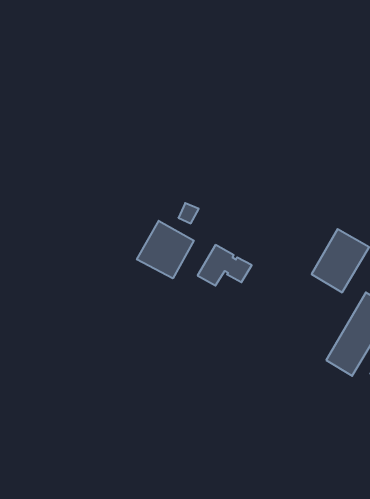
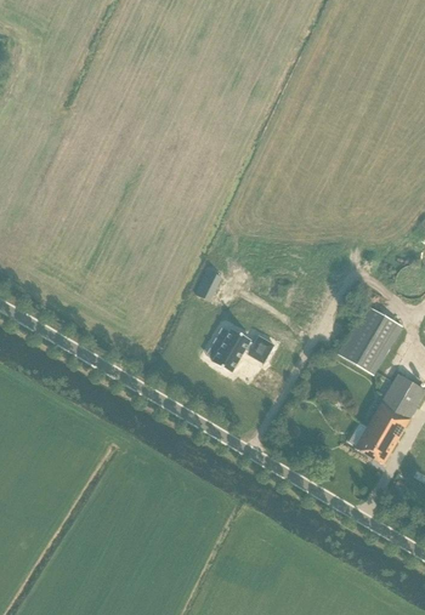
building: [137,221,194,278] -> none

